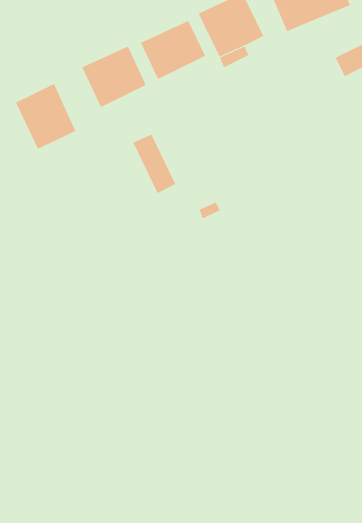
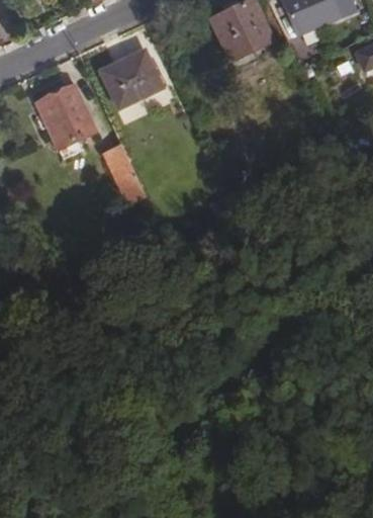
building: [140,20,206,80] -> none
building: [132,134,176,194] -> [104,146,146,202]

